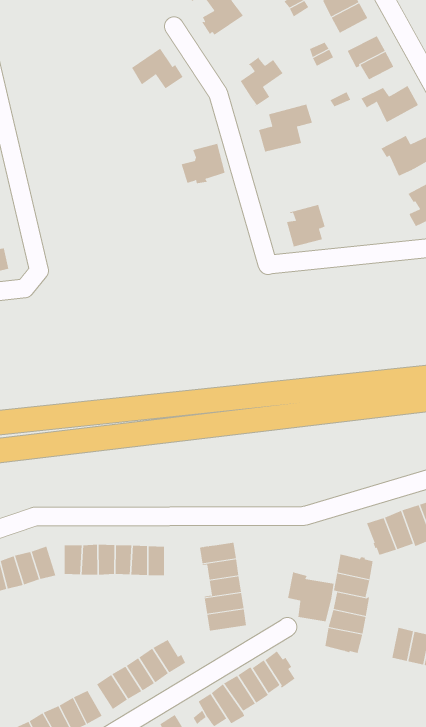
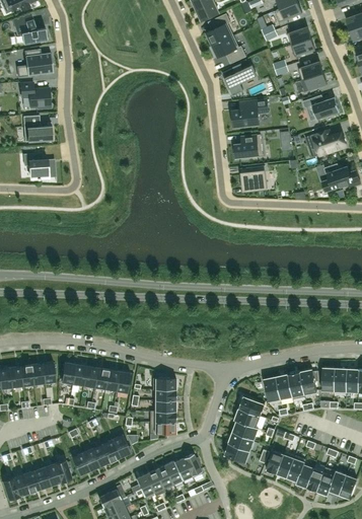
building: [131,48,184,89] -> [213,35,246,63]
building: [181,143,226,184] -> [234,135,263,159]
building: [288,572,334,622] -> none

